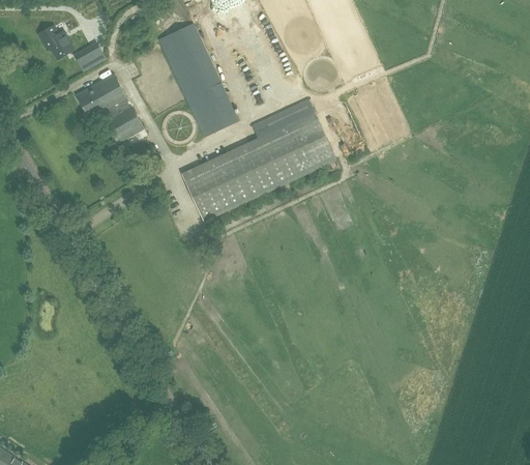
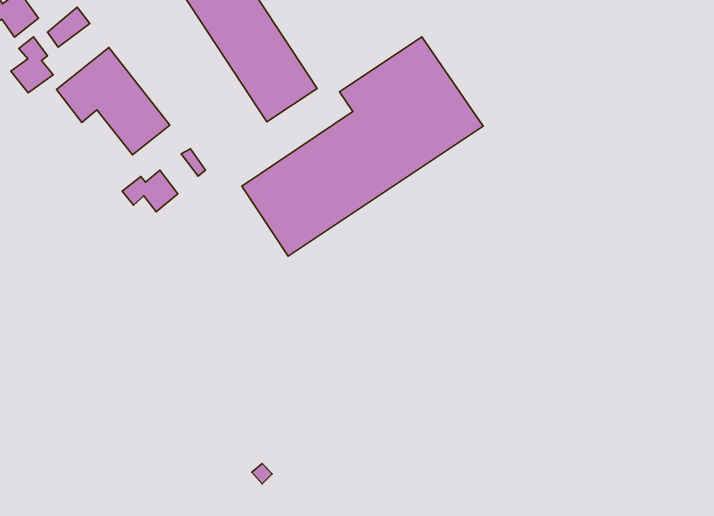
building: none -> [11,37,53,93]
building: none -> [122,170,178,212]

